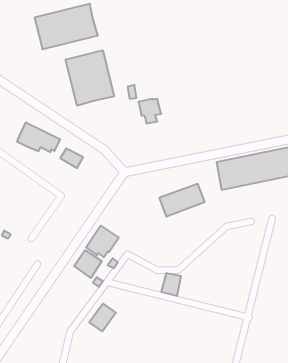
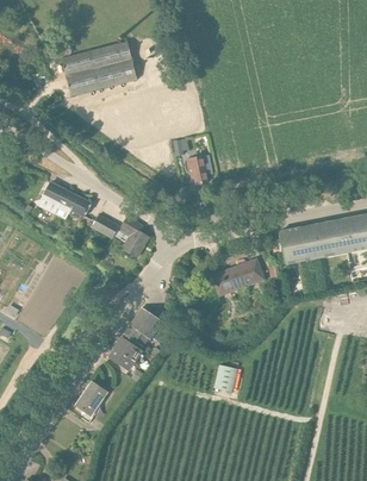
building: [66,50,114,106] -> none
building: none -> [114,214,149,256]
building: [89,304,116,331] -> [75,380,107,413]

